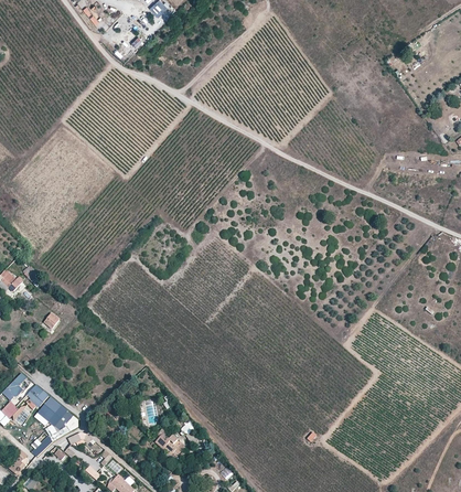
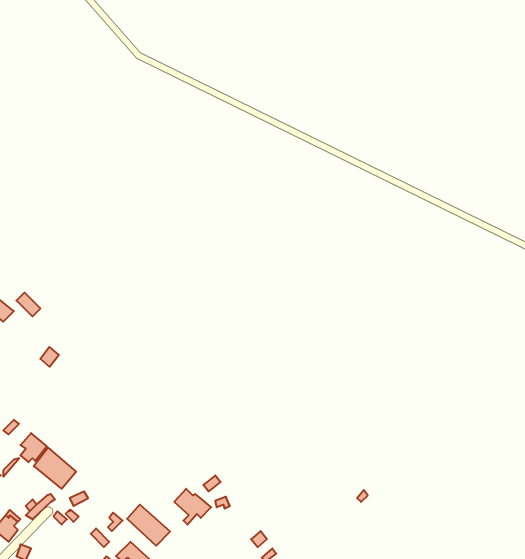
building: none -> [127,505,170,546]

